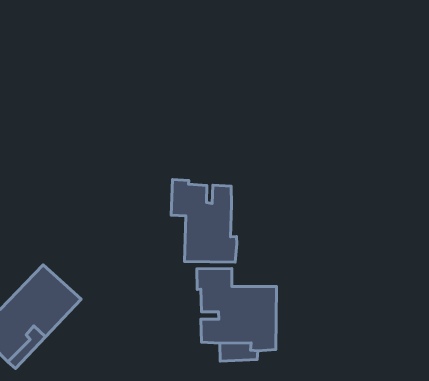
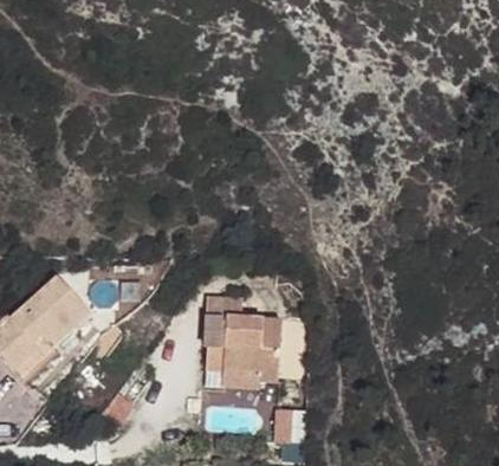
building: [171,180,237,262] -> none

